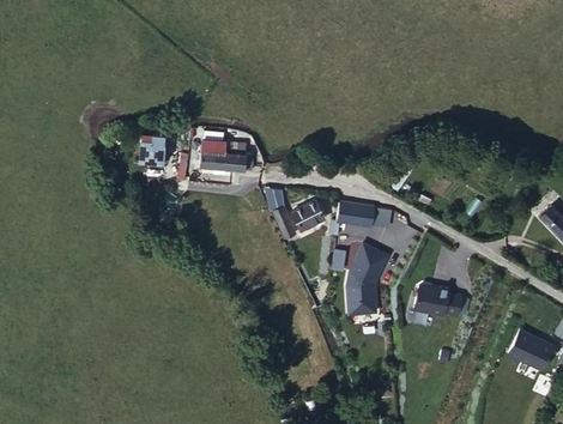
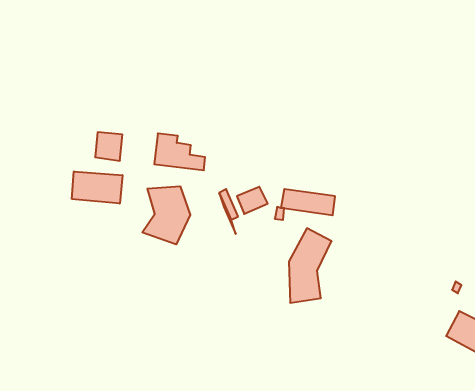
building: none -> [72,171,122,204]
building: none -> [142,186,190,244]
building: [412,280,462,316] -> none

